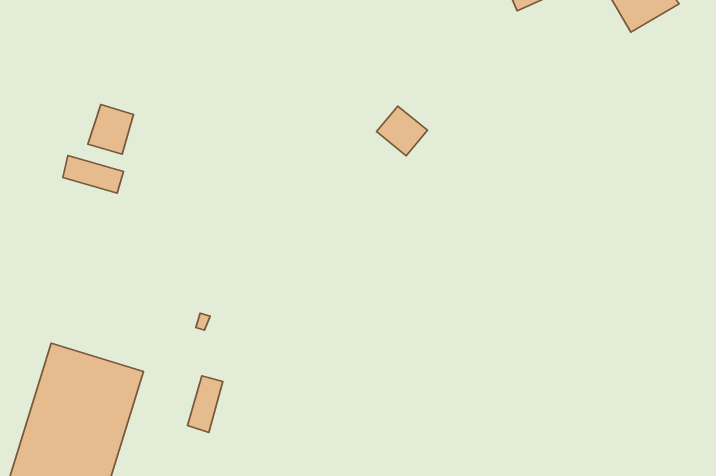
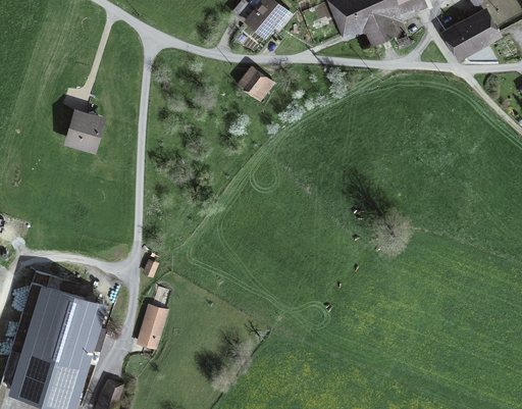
building: [376,106,428,156] -> [237,65,273,101]
building: [63,155,124,193] -> none

